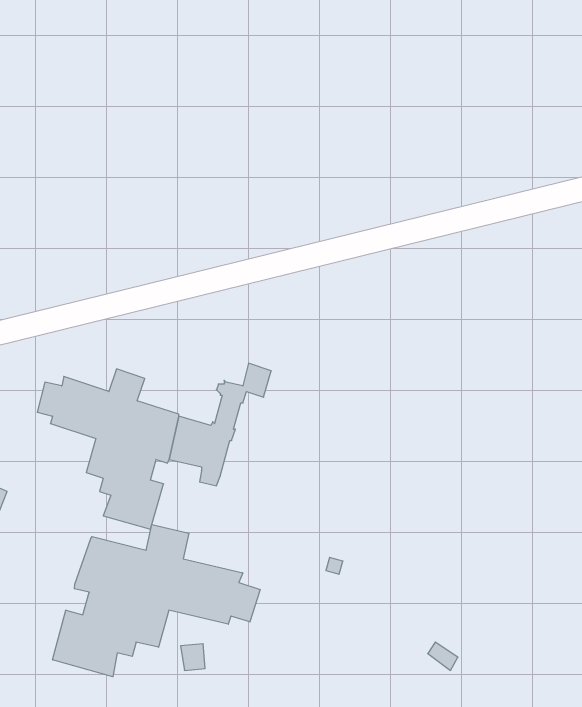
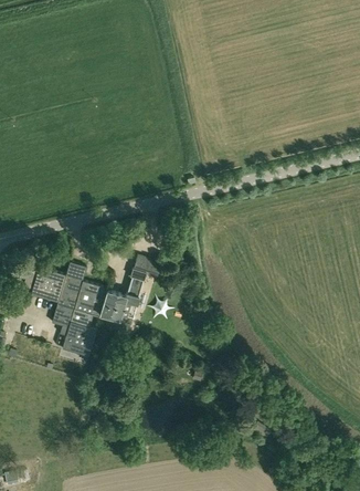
building: [53,525,260,677] -> none

